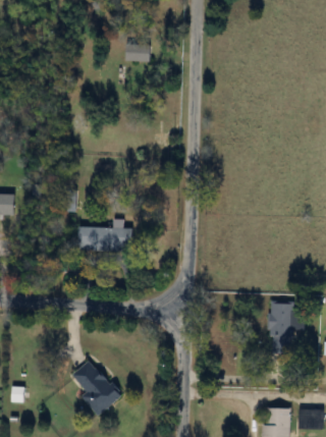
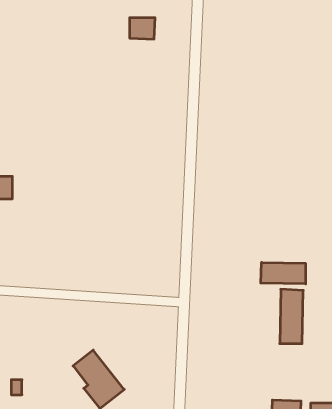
building: [78,227,132,253] -> none
building: none -> [261,262,306,284]

